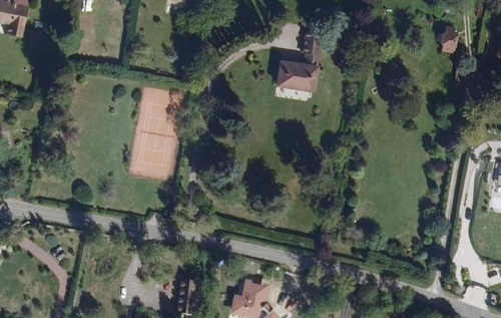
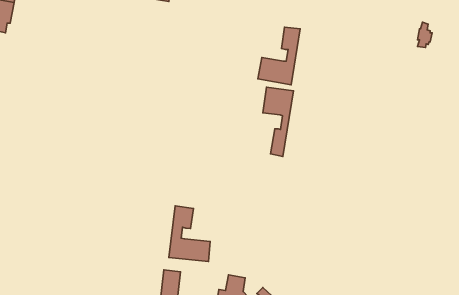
building: none -> [263,87,293,157]
building: none -> [169,206,210,262]

